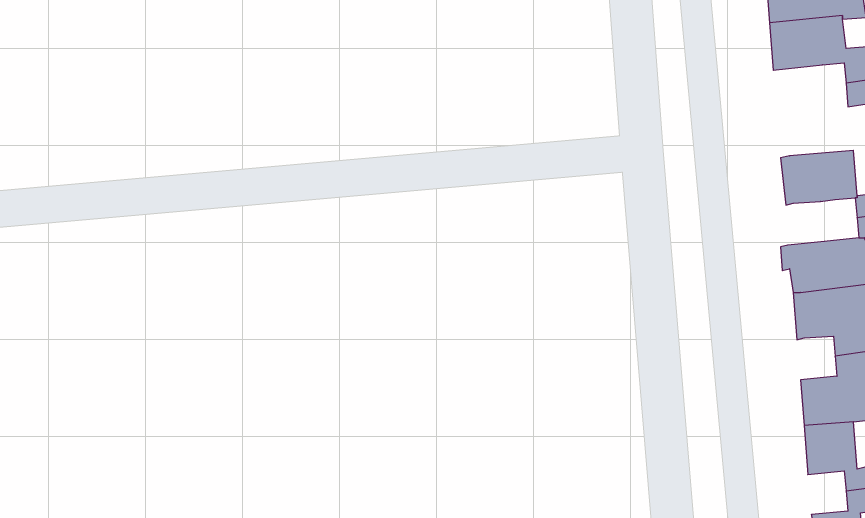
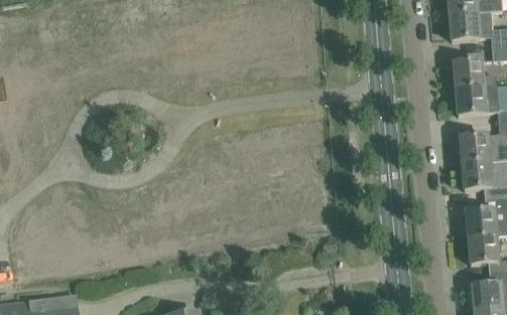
building: none -> [454,59,496,89]

